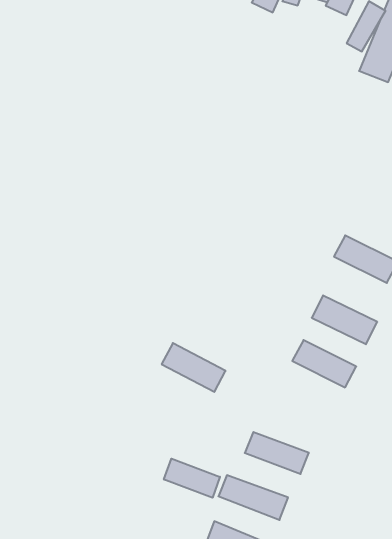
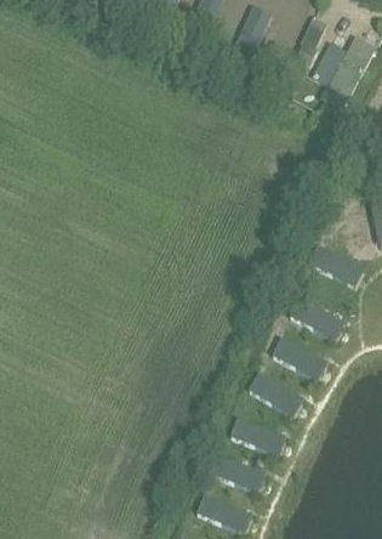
building: [162,343,226,392] -> [250,373,306,415]
building: [164,459,220,498] -> none

